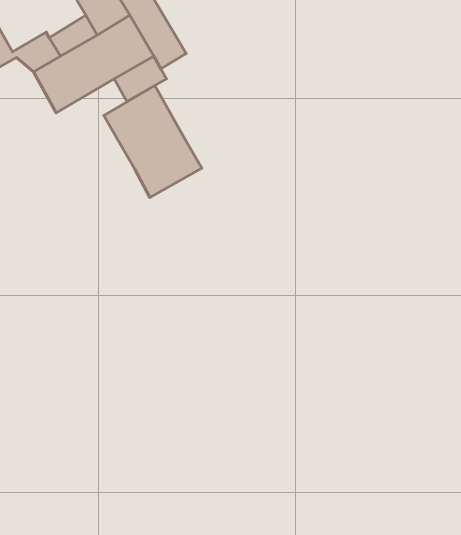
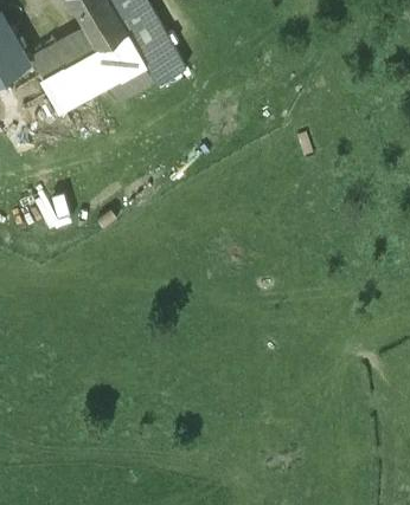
building: [104,86,202,198] -> none

